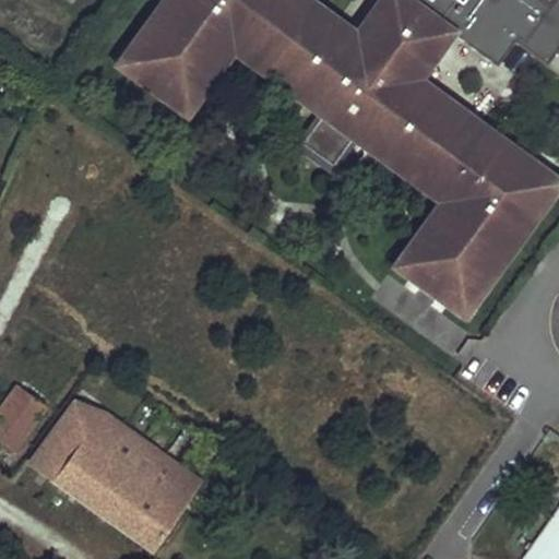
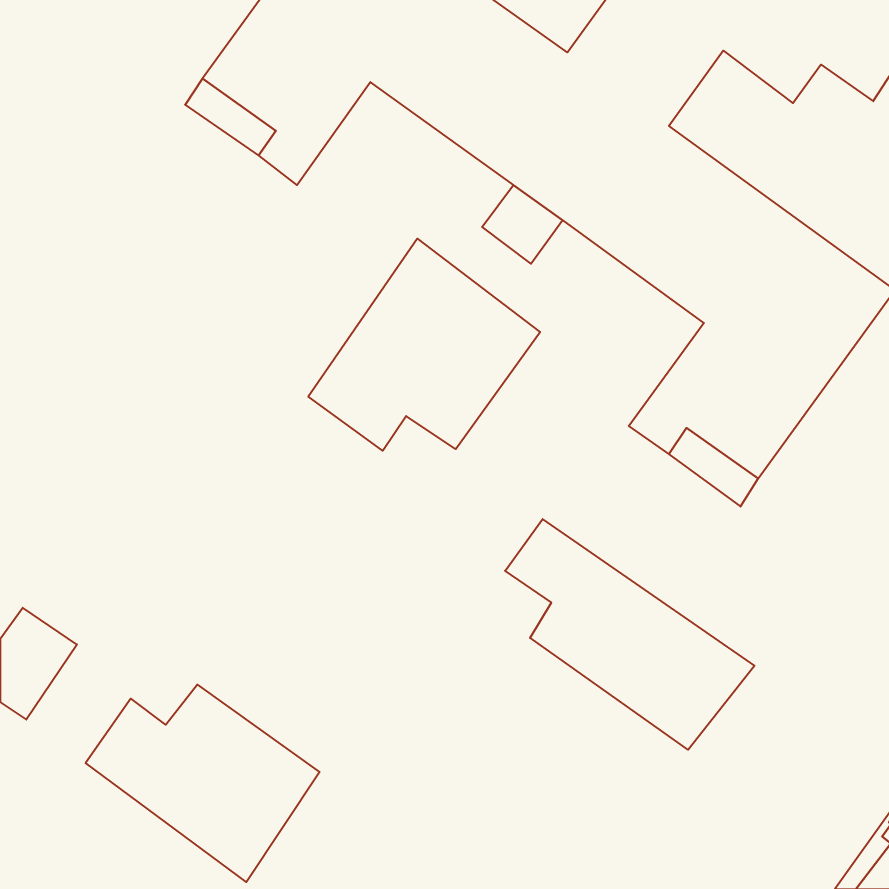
building: none -> [308,239,540,451]
building: none -> [505,519,754,750]
building: [34,402,126,477] -> none

